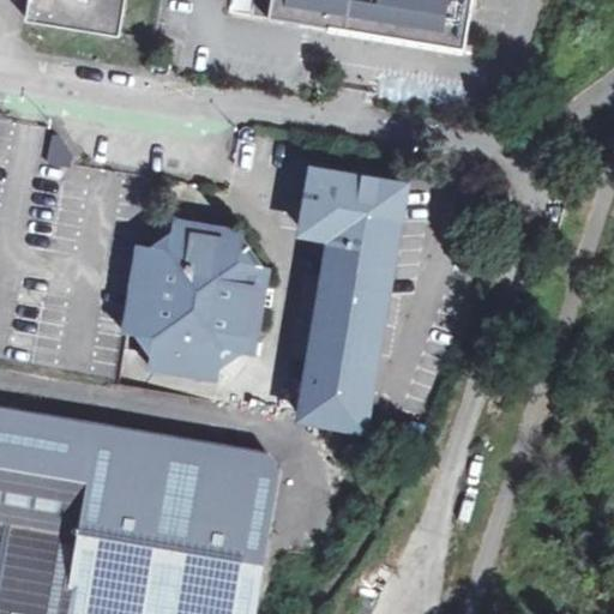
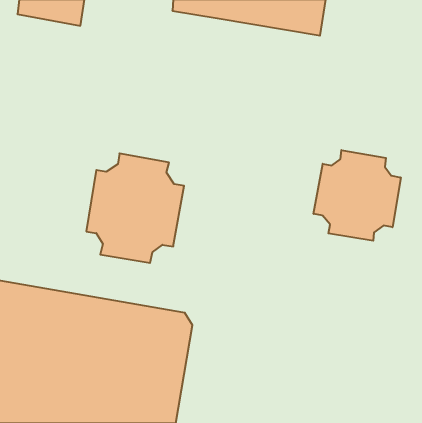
building: [300,174,403,431] -> none
building: none -> [314,150,401,241]

